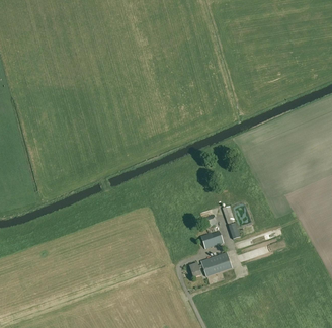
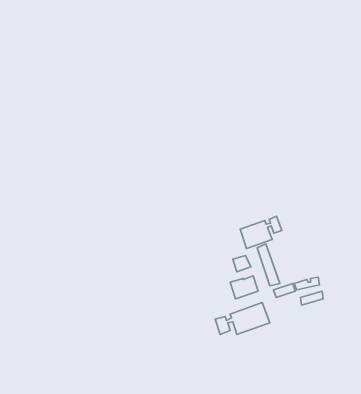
building: none -> [240,216,282,249]

